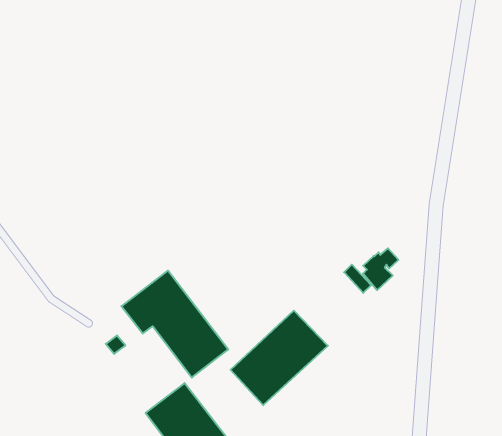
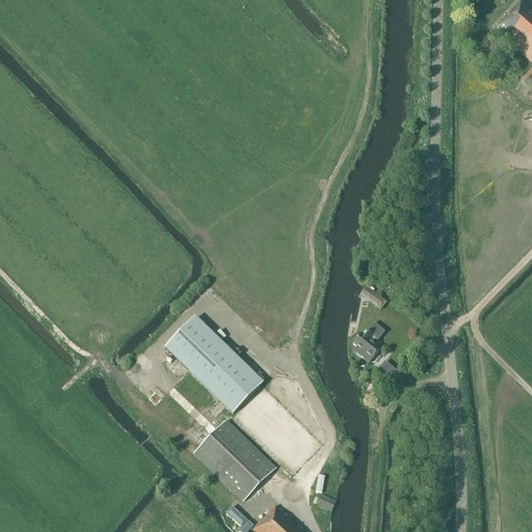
building: [363,248,398,290] -> [353,322,385,363]
building: [231,311,328,405] -> none

